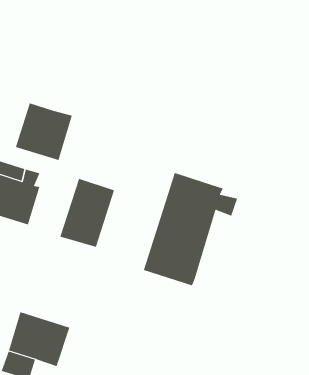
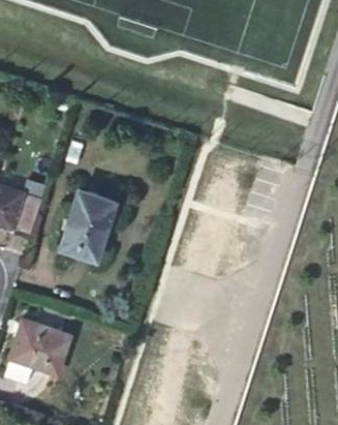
building: [15,102,73,161] -> none
building: [143,172,238,286] -> none

